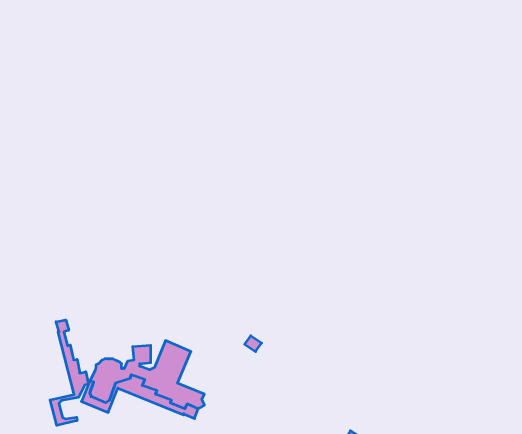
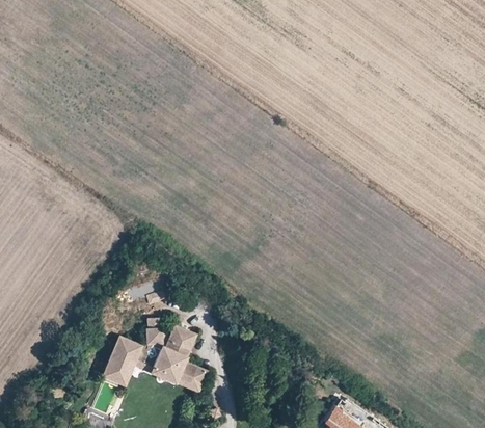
building: [50,320,88,425] -> none

